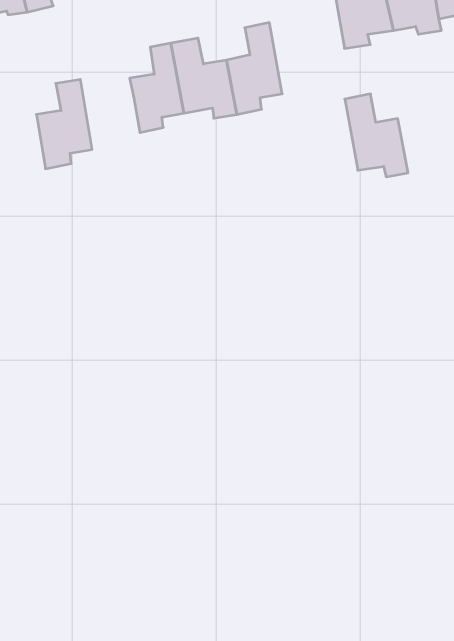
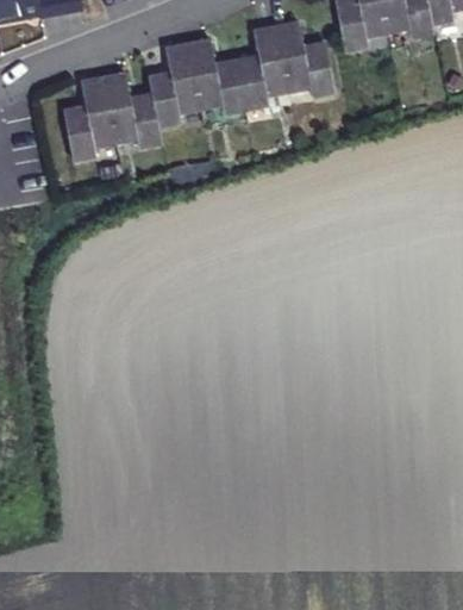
building: none -> [102,74,159,147]
building: [345,94,408,177] -> [276,20,334,97]

